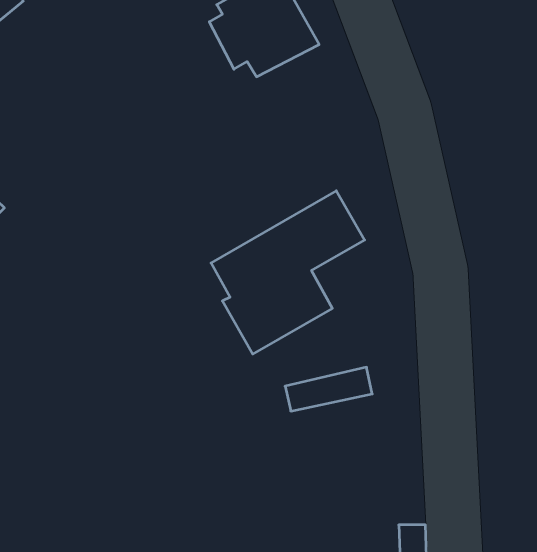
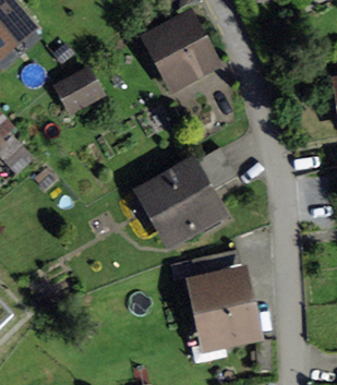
building: none -> [53,70,96,110]
building: none -> [185,270,250,340]

